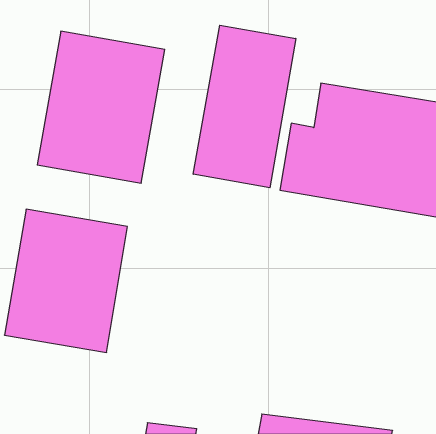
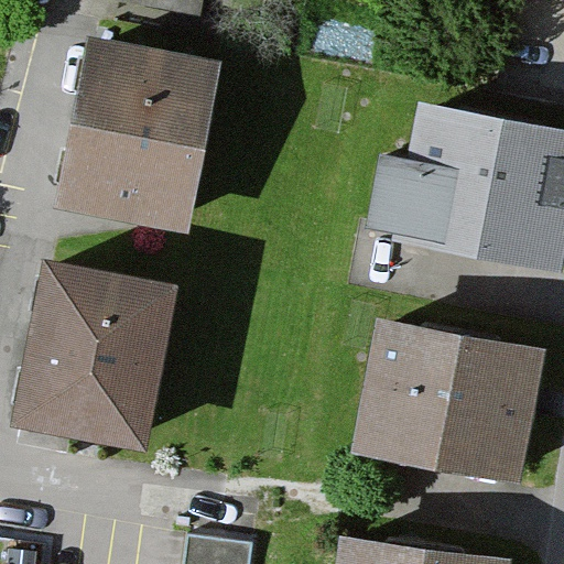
building: [193,25,296,188] -> none
building: none -> [358,321,545,471]

